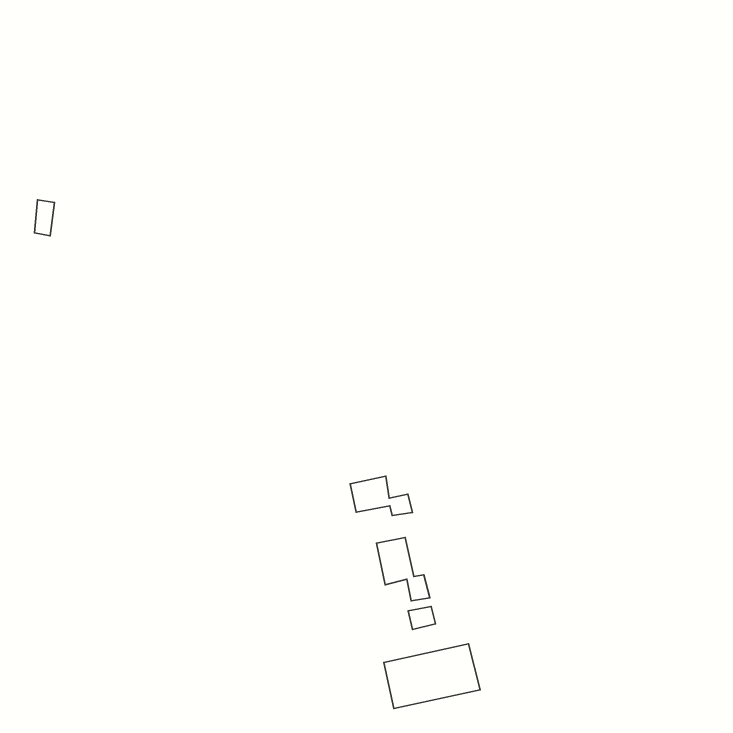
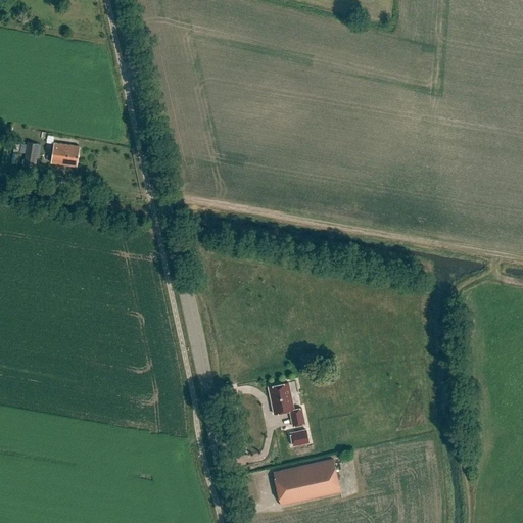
building: none -> [51,143,80,167]
building: [350,476,412,516] -> none

